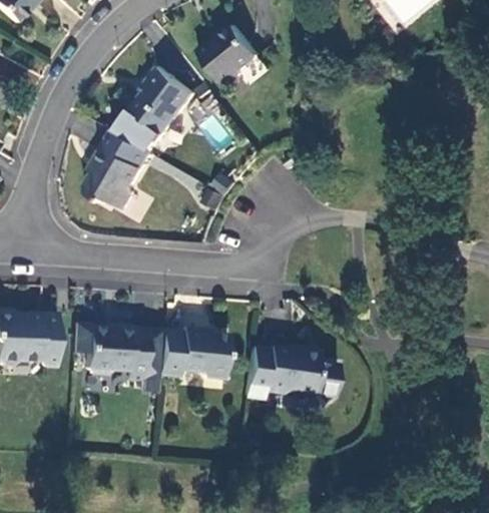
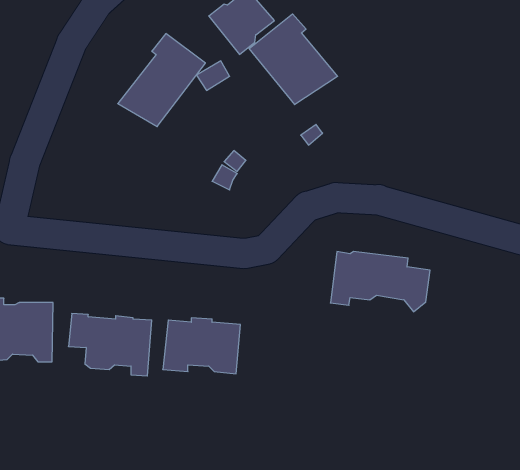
building: none -> [249,14,338,105]
building: [85,128,151,207] -> none
building: [244,347,336,402] -> [330,252,430,312]

